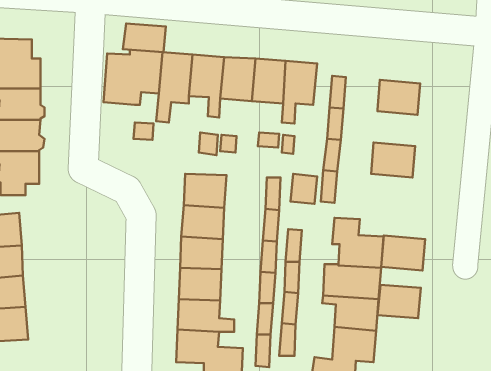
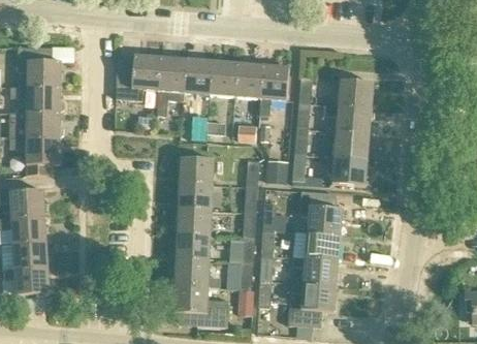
building: [123,23,166,52] -> none
building: none -> [323,103,371,134]
building: [381,236,425,271] -> [330,157,367,186]
building: [378,285,421,318] -> none

